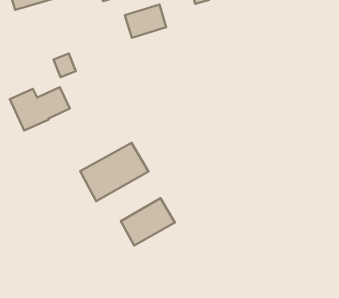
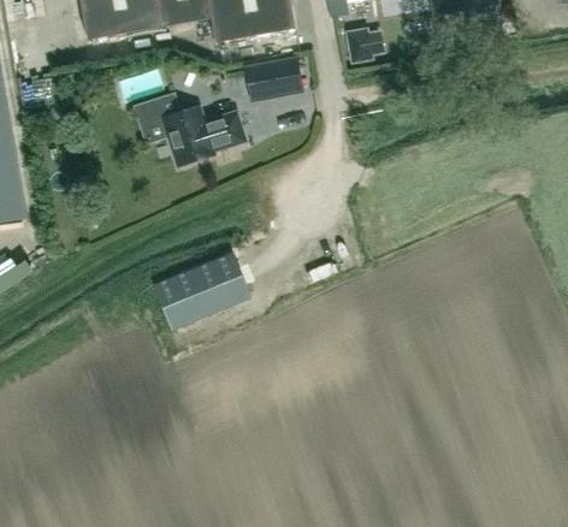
building: [10,87,70,131] -> [162,105,248,164]
building: [121,198,175,245] -> none

